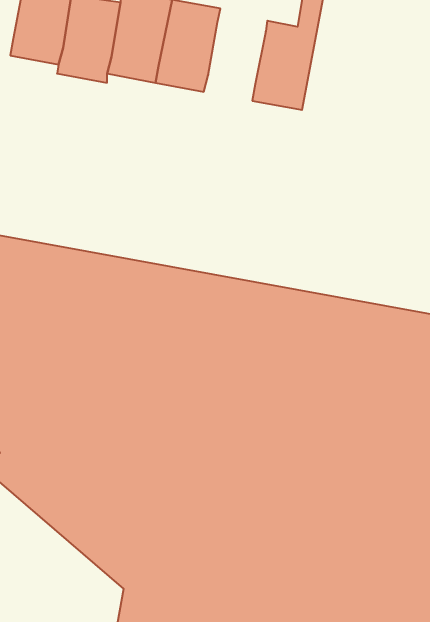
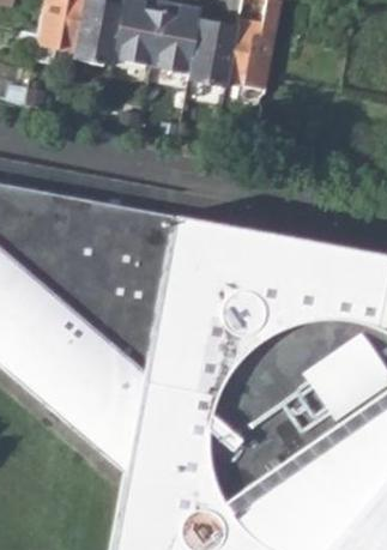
building: none -> [187,19,237,87]

